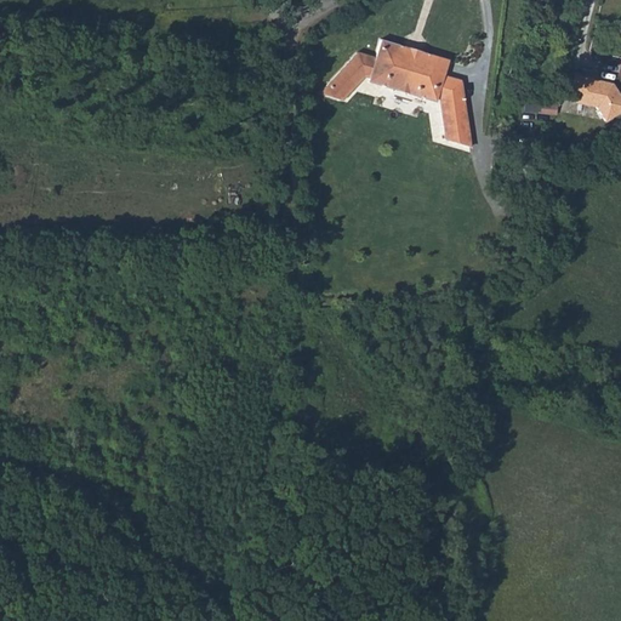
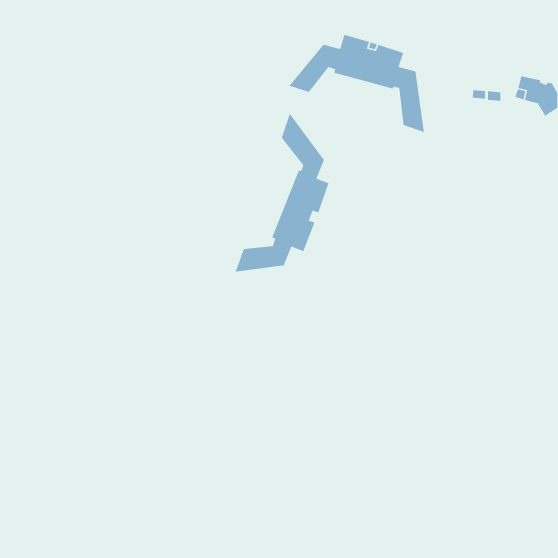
building: none -> [234,112,330,272]

